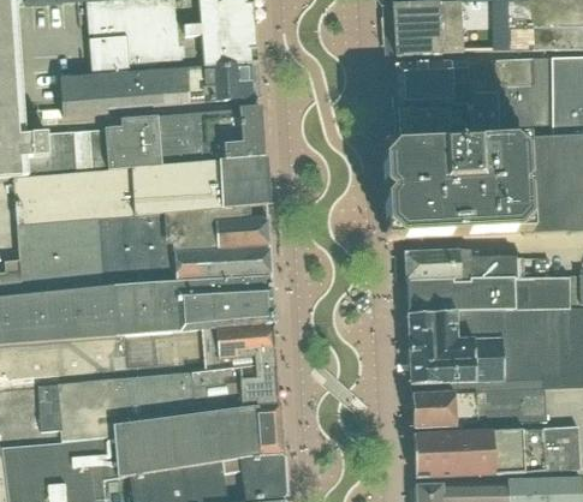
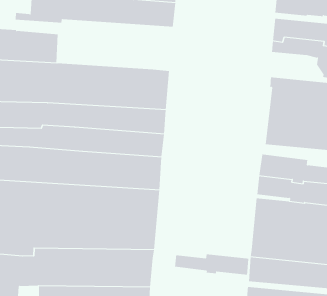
building: [105,107,263,167] -> none
building: [398,107,472,142] -> none
building: none -> [175,254,250,275]

